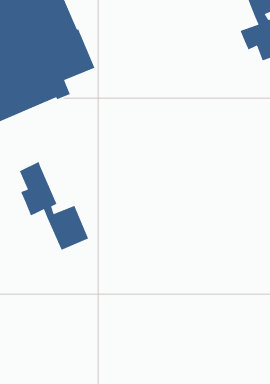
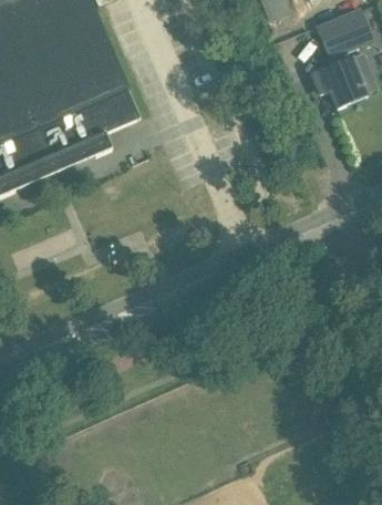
building: [19,161,89,251] -> none

